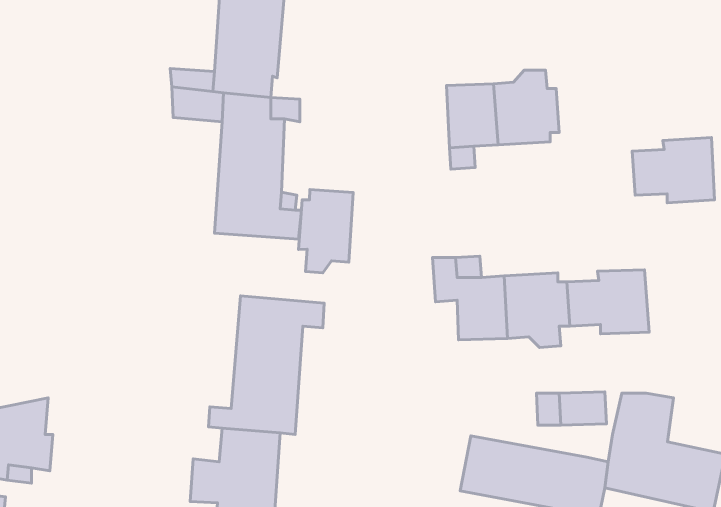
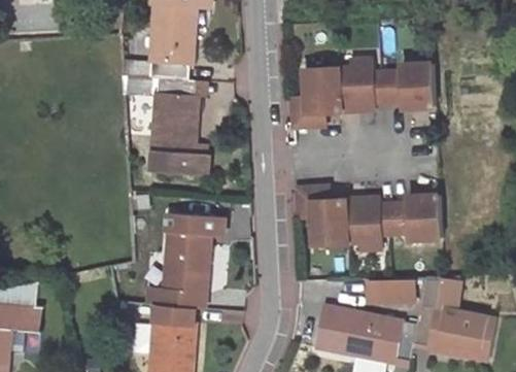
building: [632,137,715,203] -> [381,64,437,108]
building: [299,190,353,273] -> none

